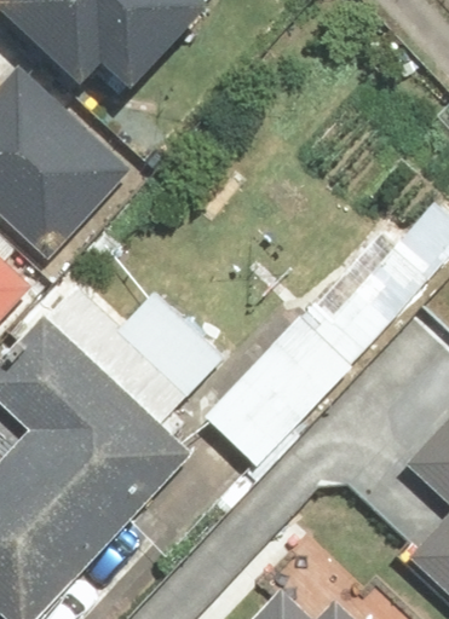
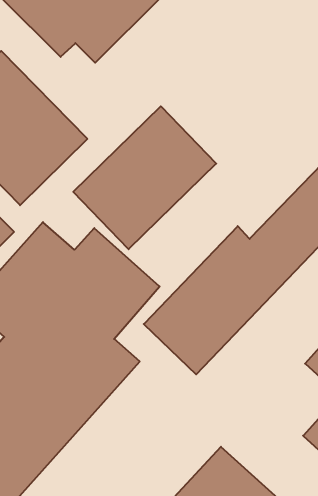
building: none -> [73,106,216,249]

